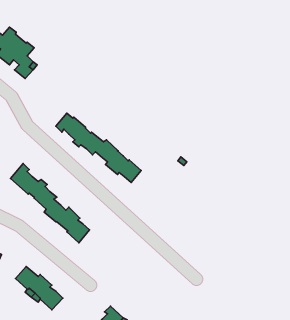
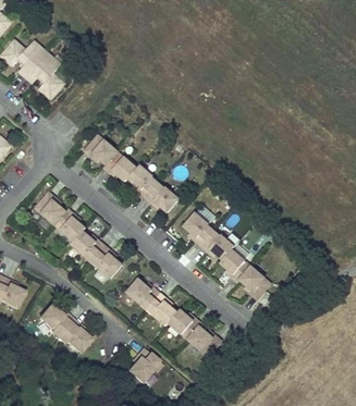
building: none -> [184,213,270,299]
building: none -> [127,279,221,356]

